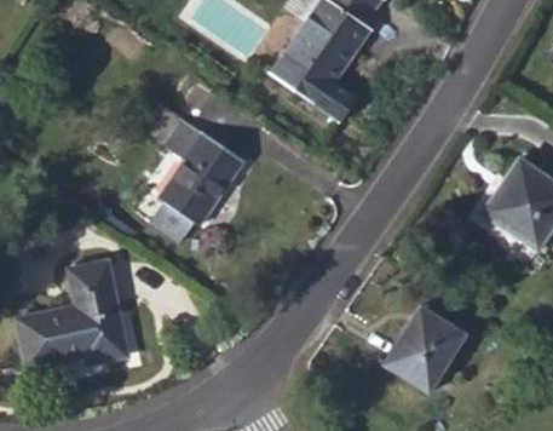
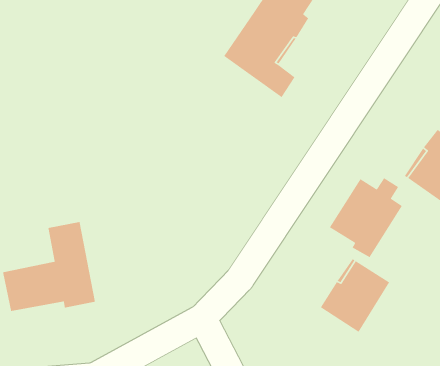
building: [150,119,244,245] -> none
building: none -> [329,177,403,258]

